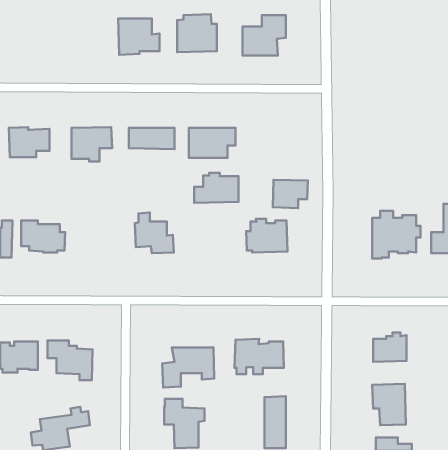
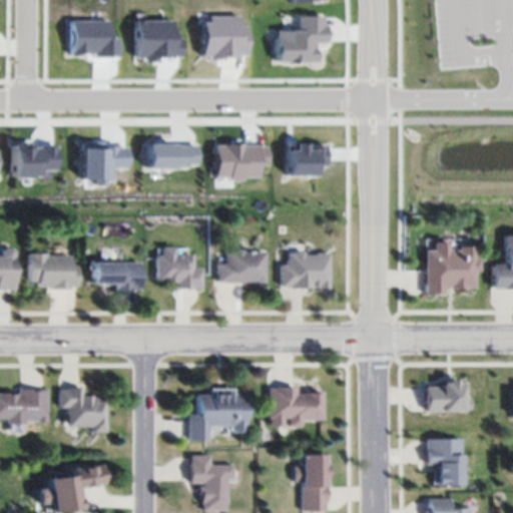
building: none -> [72,22,122,59]
building: [194,173,238,203] -> [215,247,266,282]
building: [273,180,308,208] -> [289,145,329,177]
building: none -> [92,260,140,291]

